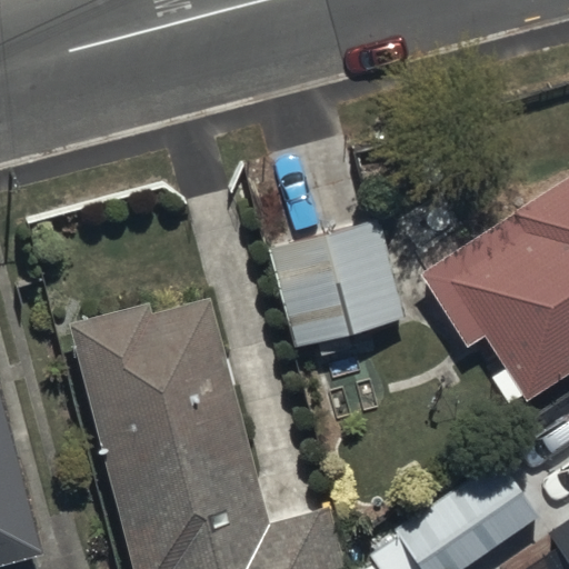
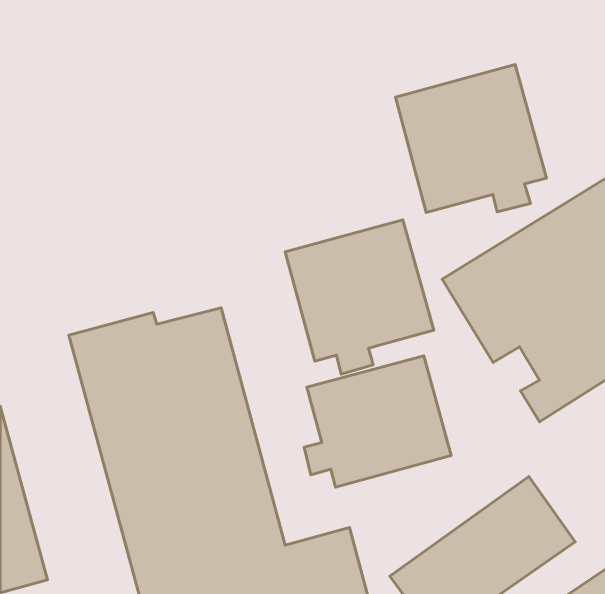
building: none -> [395,64,546,213]
building: none -> [304,356,451,487]

